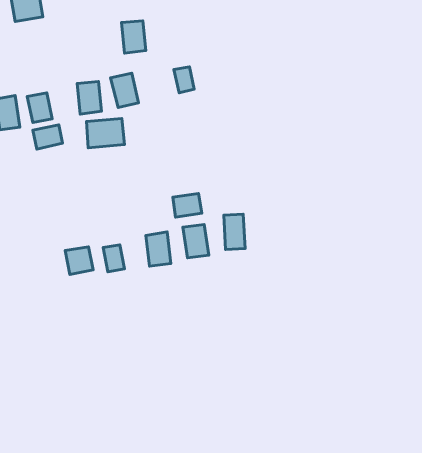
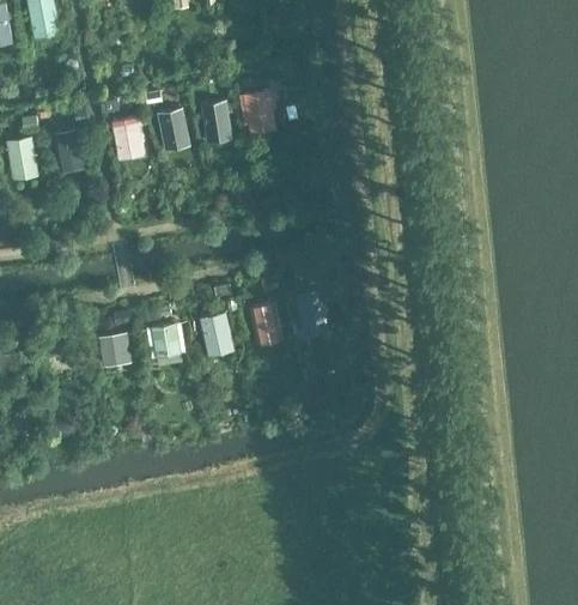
building: [122,21,146,53] -> [201,101,232,143]
building: [87,119,124,148] -> none
building: [33,125,63,149] -> none
building: [173,193,202,217] -> none

